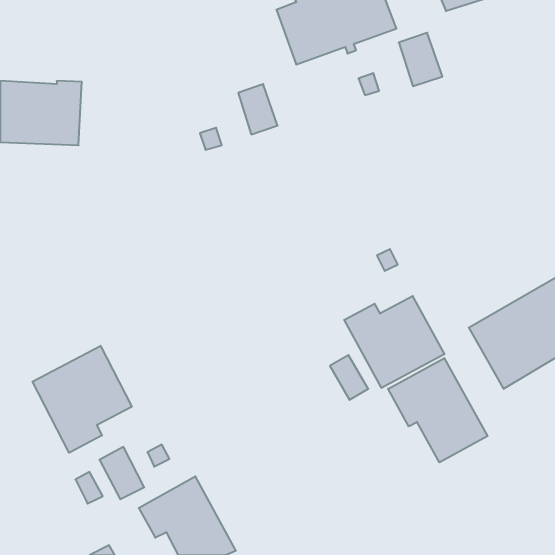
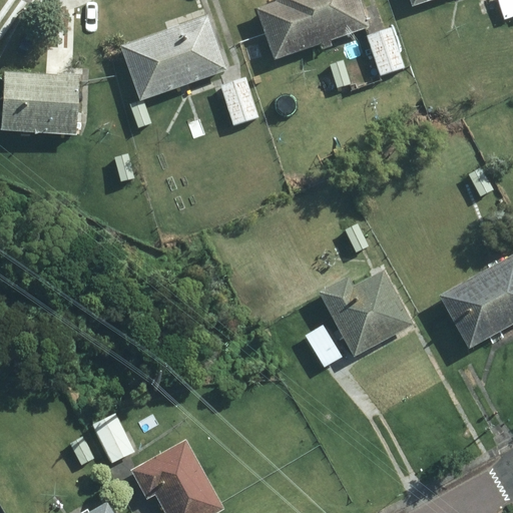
building: none -> [120,17,223,99]
building: [33,346,132,453] -> none
building: [388,358,488,462] -> none

